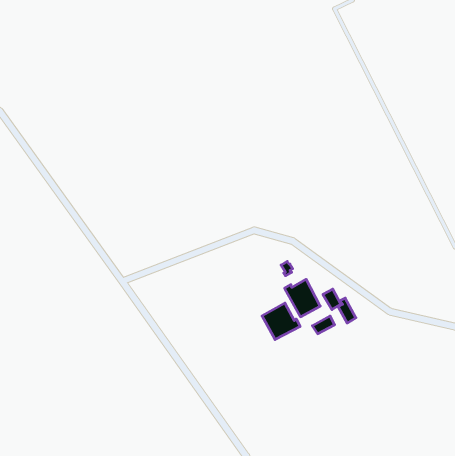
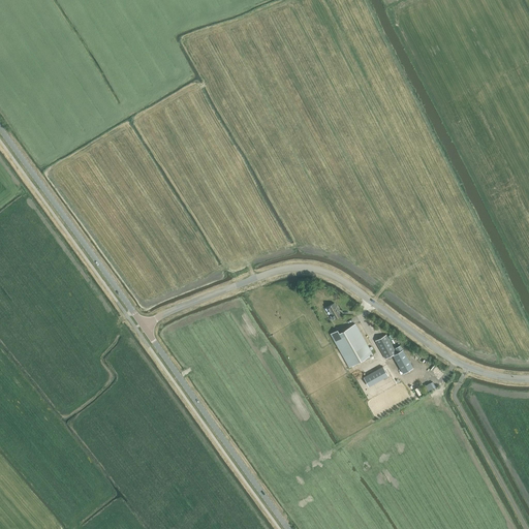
building: [262,303,300,340] -> none

